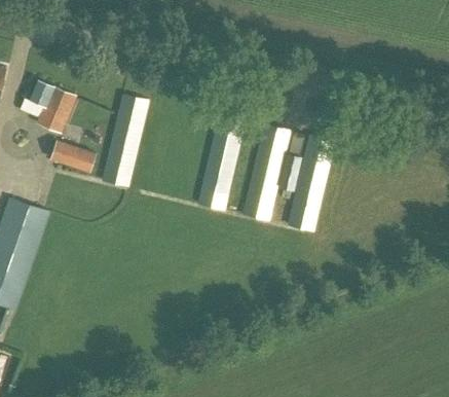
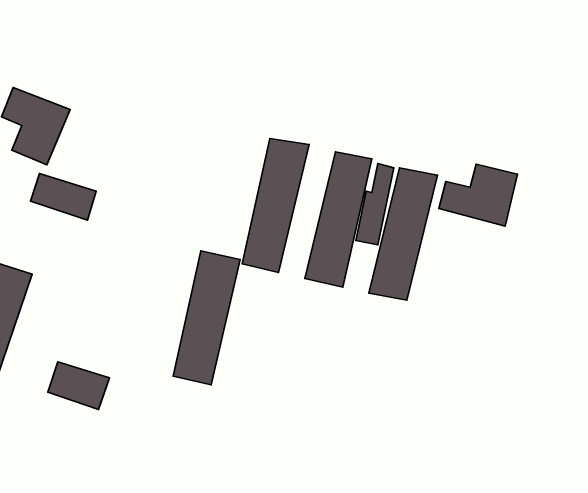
building: [102,93,149,187] -> [173,251,240,385]
building: none -> [439,164,518,226]
building: none -> [48,362,109,409]

